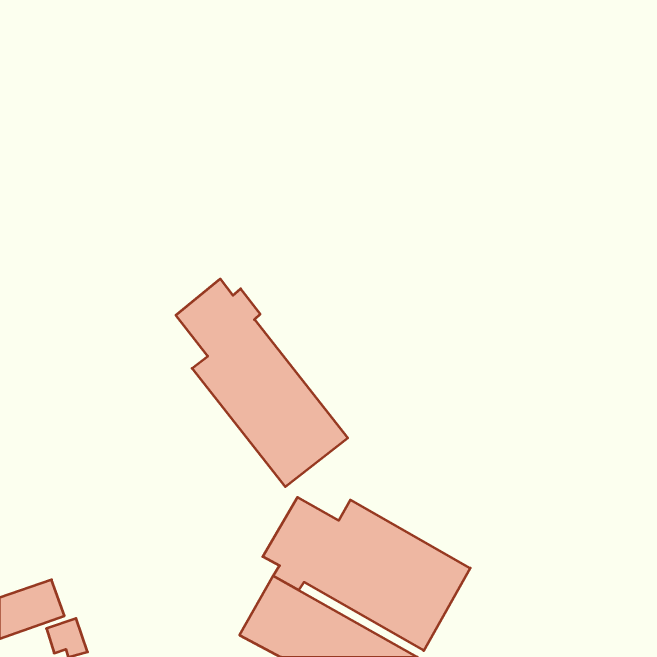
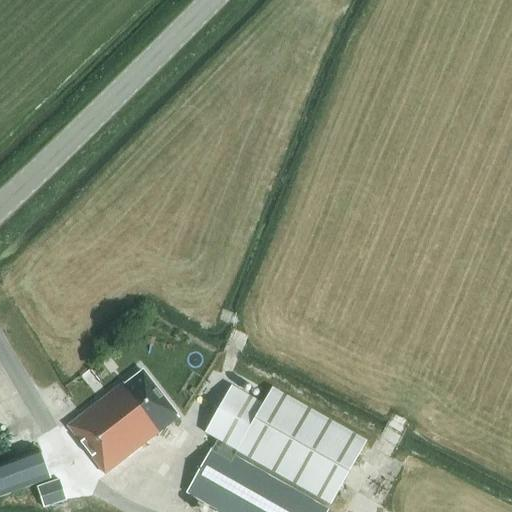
building: [176,279,348,487] -> none
building: none -> [67,371,178,473]

